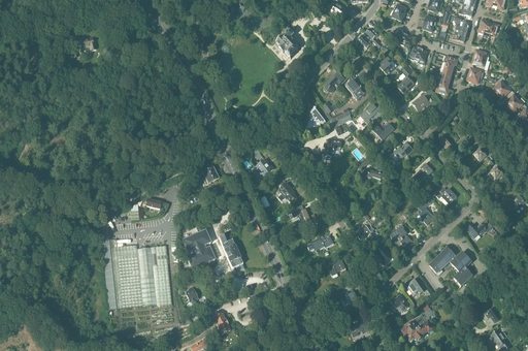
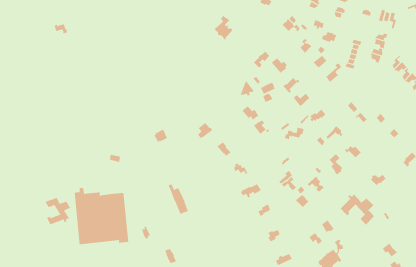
building: [183,230,214,269] -> none
building: none -> [45,197,71,225]

